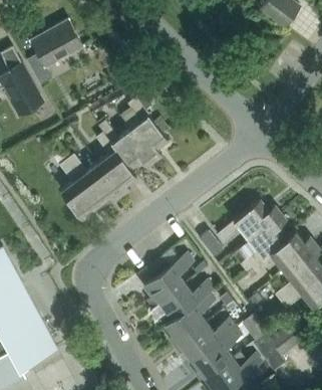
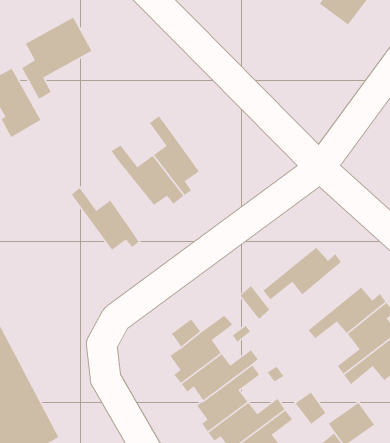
building: [95,133,136,197] -> none
building: [59,160,98,224] -> none
building: [240,213,288,271] -> none

